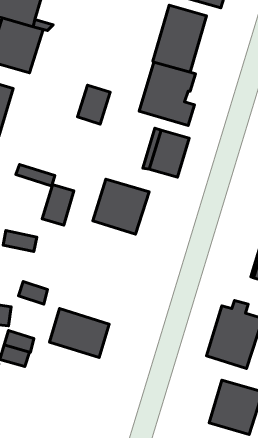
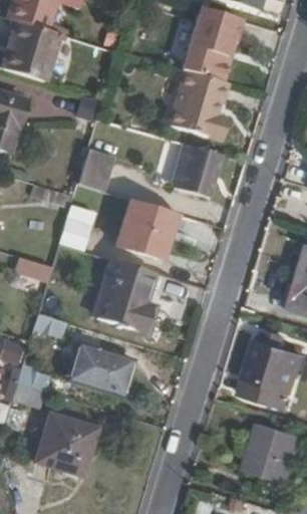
building: [77,85,110,124] -> [77,148,113,191]
building: none -> [95,259,162,331]
building: none -> [34,413,97,476]

